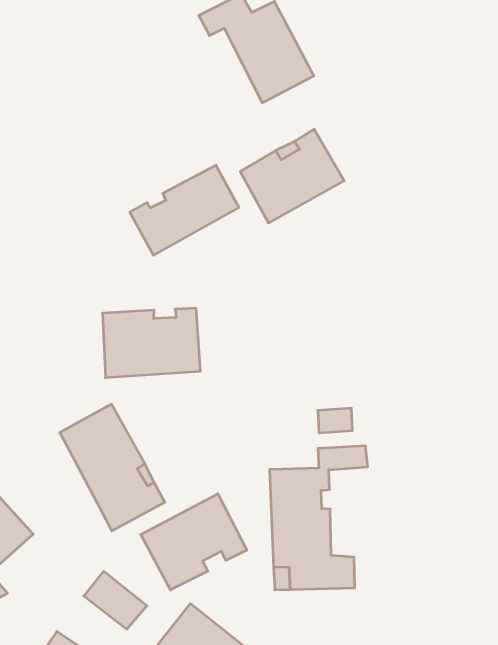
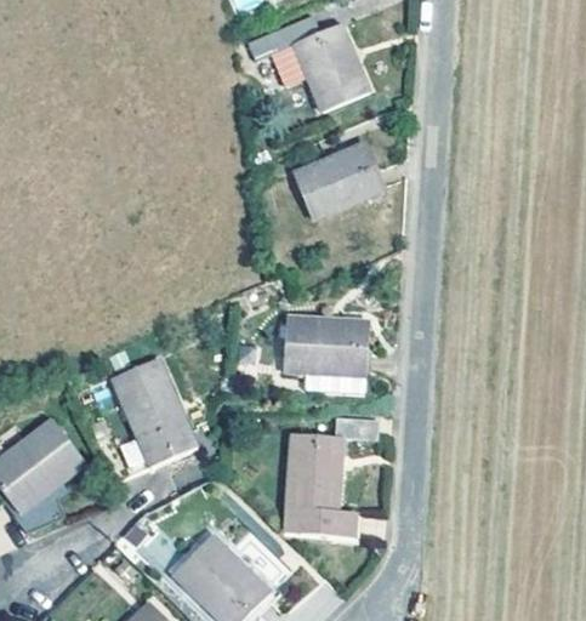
building: [130,165,239,255] -> none
building: [102,308,200,378] -> [283,315,368,375]
building: [141,494,247,590] -> none

